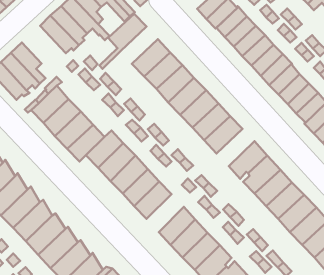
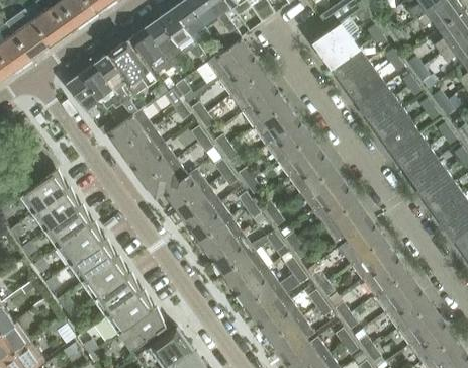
building: none -> [107,37,156,92]
building: none -> [218,55,263,95]
building: none -> [312,186,358,226]
building: none -> [222,250,267,291]

